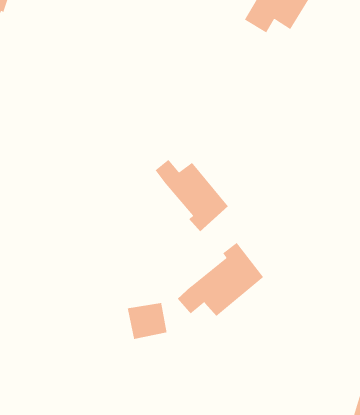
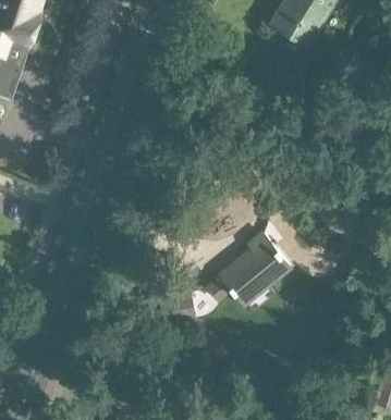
building: [154,159,229,232] -> none

